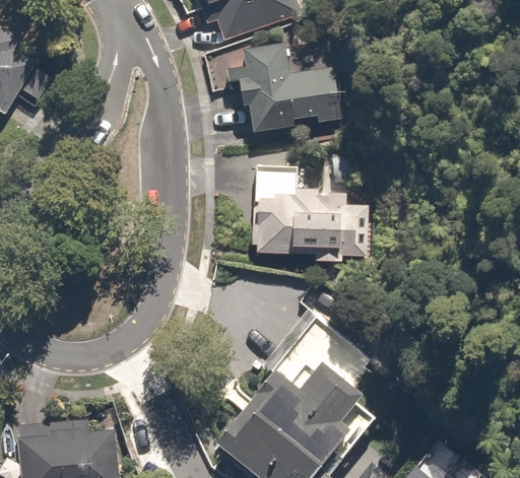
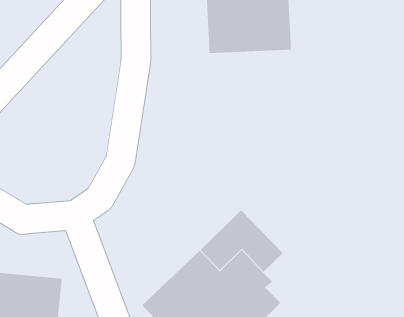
building: [249,161,395,266] -> none

